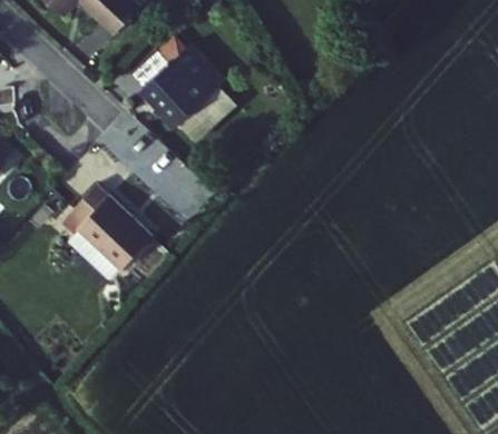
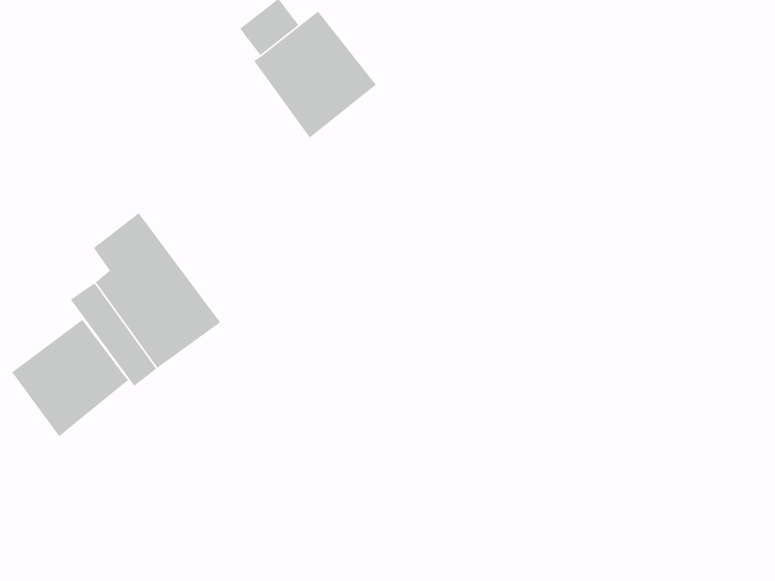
building: none -> [11,319,129,437]

